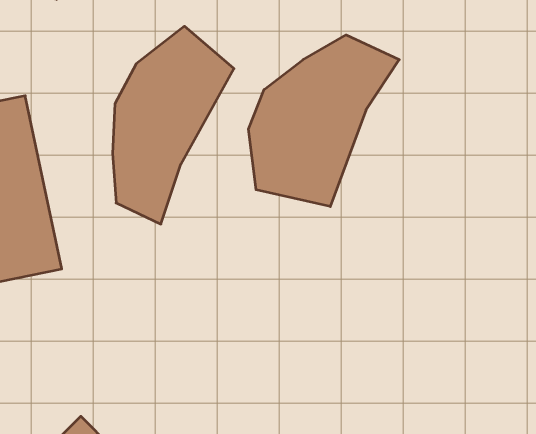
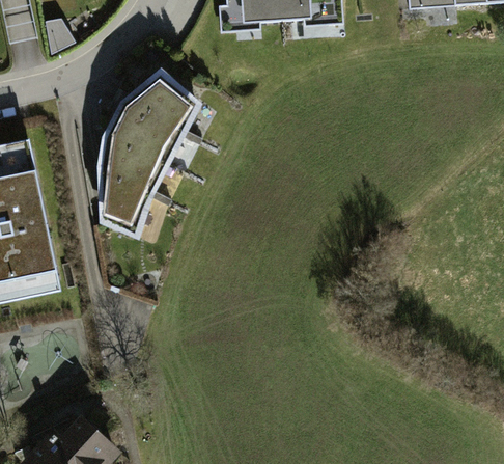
building: [248,35,399,207] -> none

